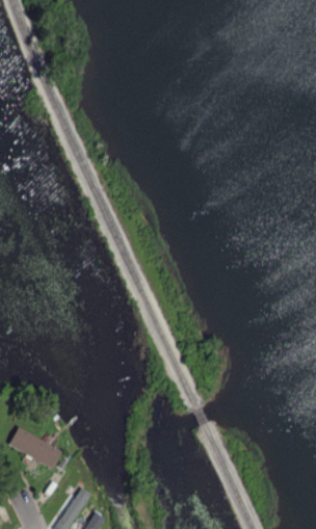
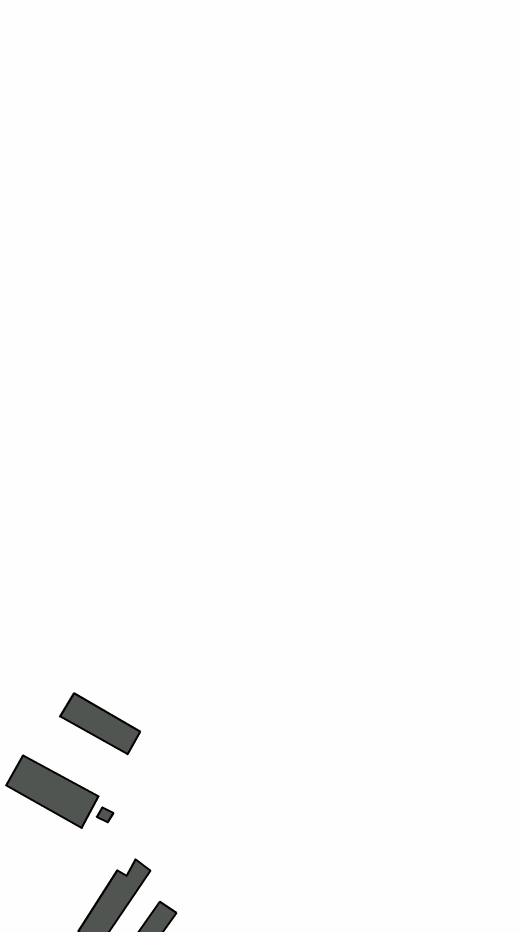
building: none -> [60,693,140,754]

